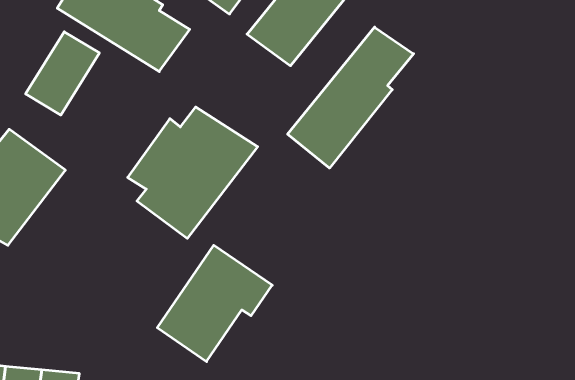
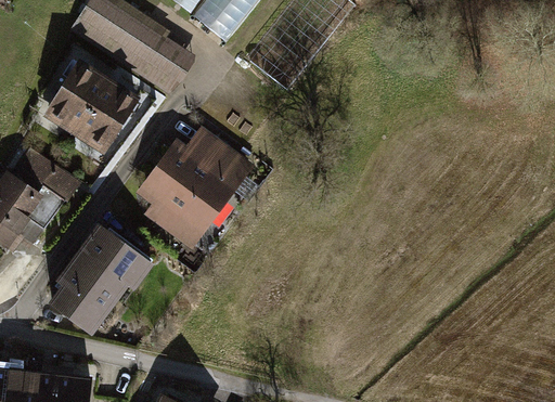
building: [288,27,414,168] -> none
building: none -> [75,77,142,154]
building: [157,245,272,362] -> [49,222,155,329]

